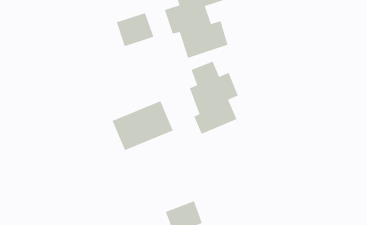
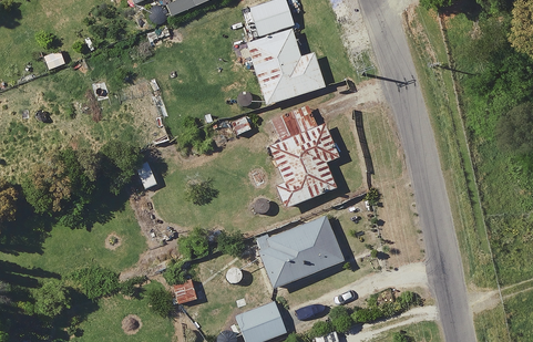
building: [116,12,155,47] -> none
building: [112,100,174,151] -> [257,217,342,287]

